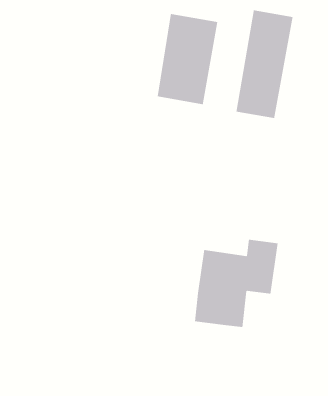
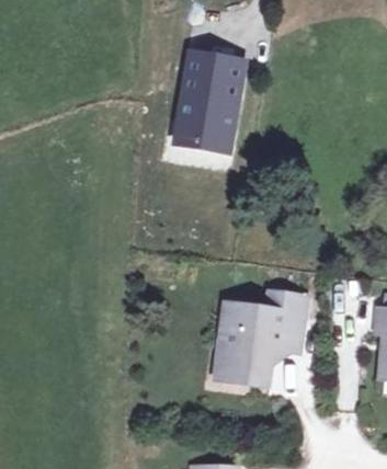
building: [236,9,293,119] -> none

